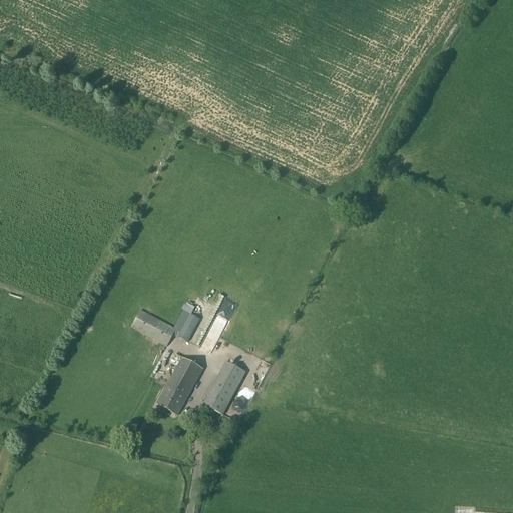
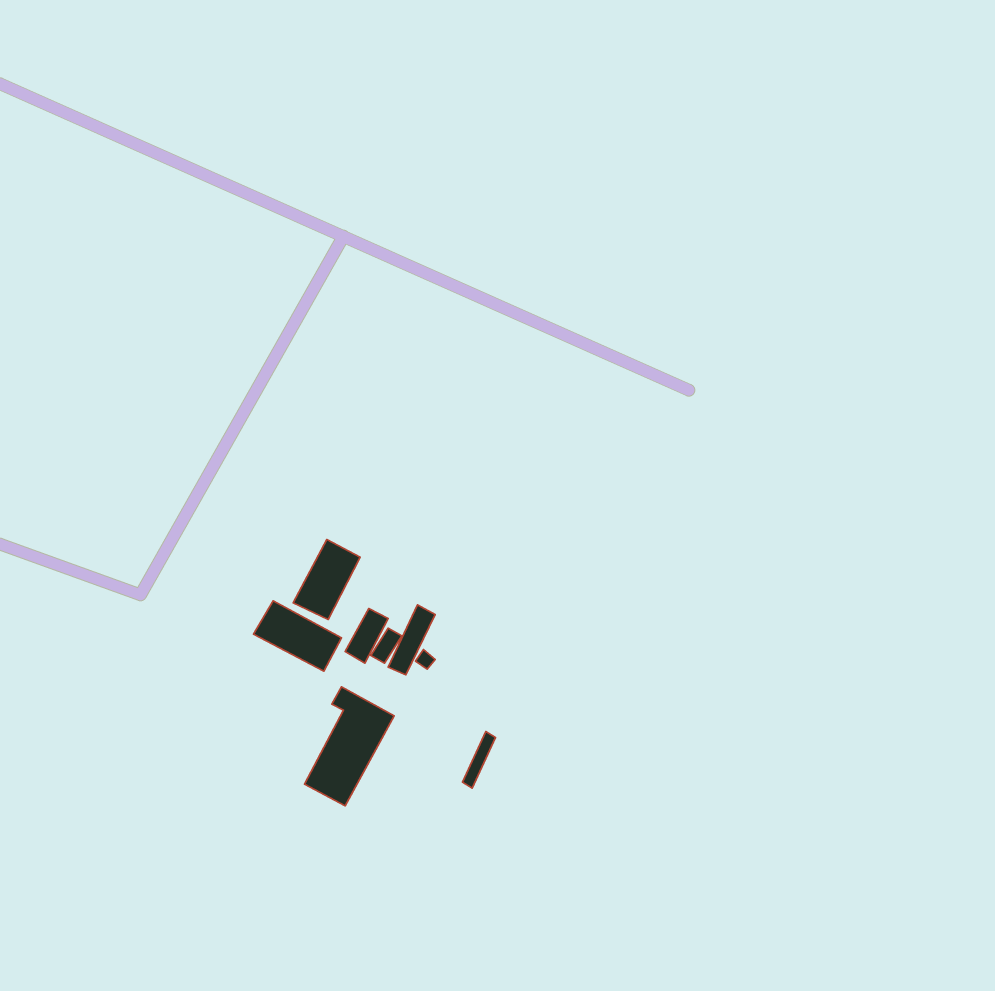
building: none -> [293,539,360,619]
building: [202,360,243,413] -> none

